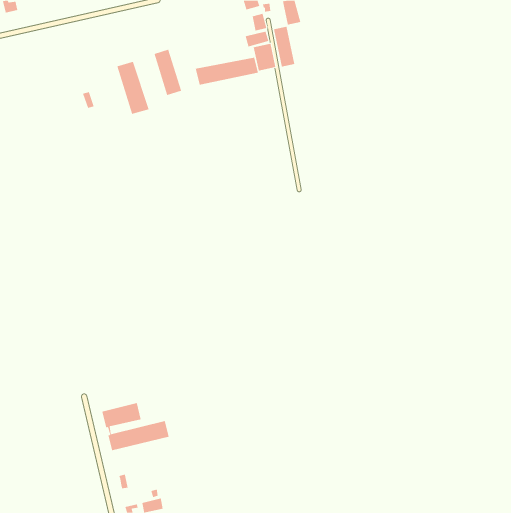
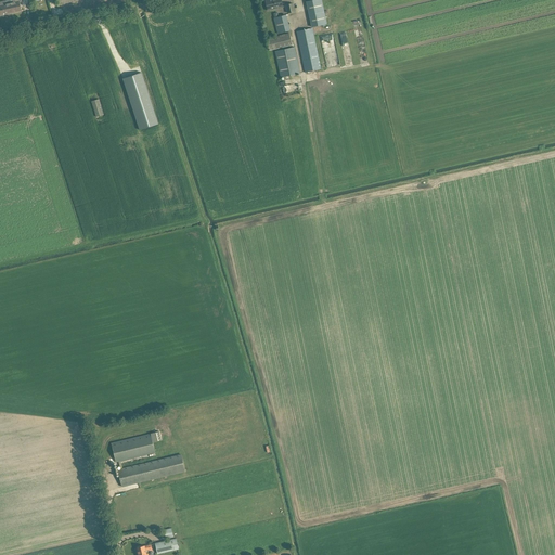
building: [154,49,182,96] -> none
building: [195,57,258,85] -> none

